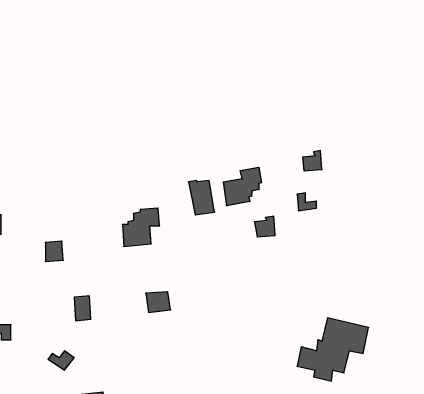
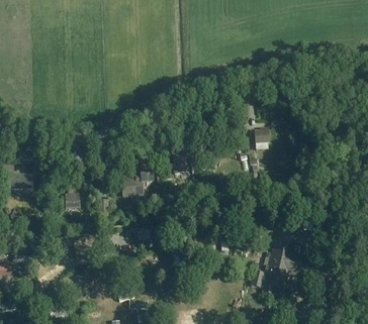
building: [223,167,262,206] -> none

